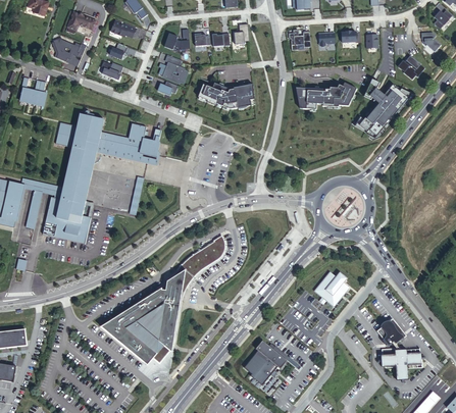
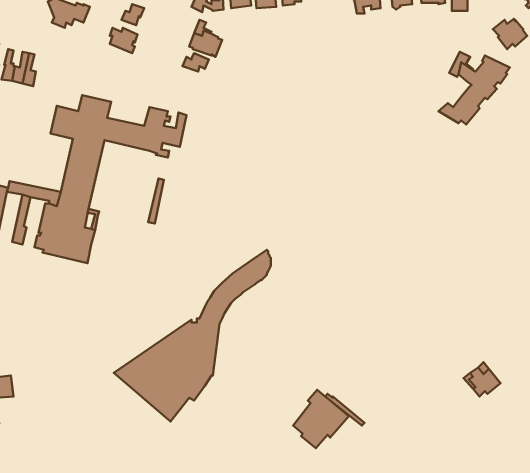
building: [295,82,356,108] -> none
building: [198,83,254,108] -> none
building: [314,270,350,306] -> none
building: [378,349,419,380] -> none

